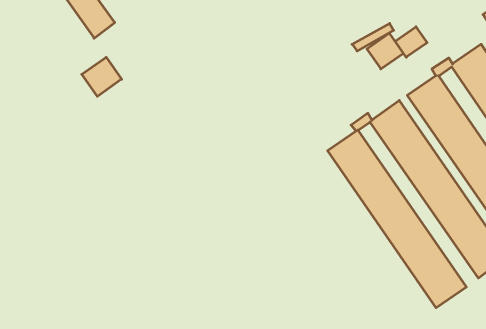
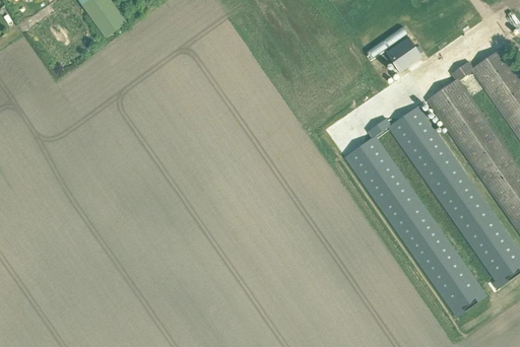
building: [395,27,427,57] -> none
building: [82,57,122,96] -> none

